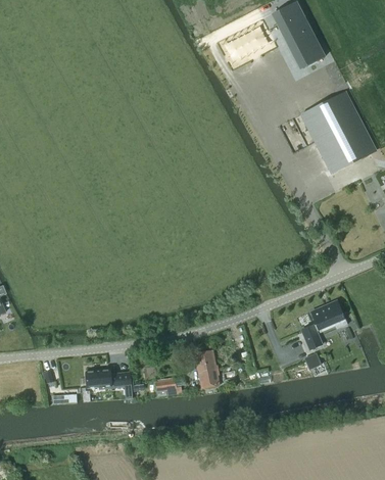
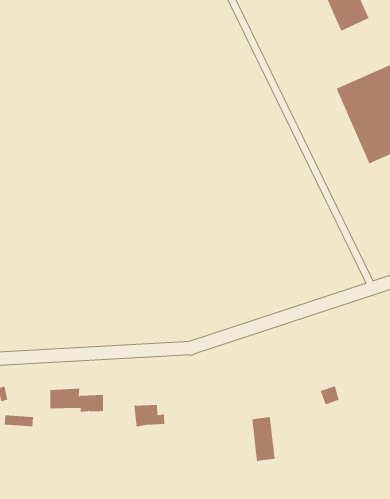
building: [300,300,346,349] -> none
building: [196,350,218,387] -> [251,417,276,461]

